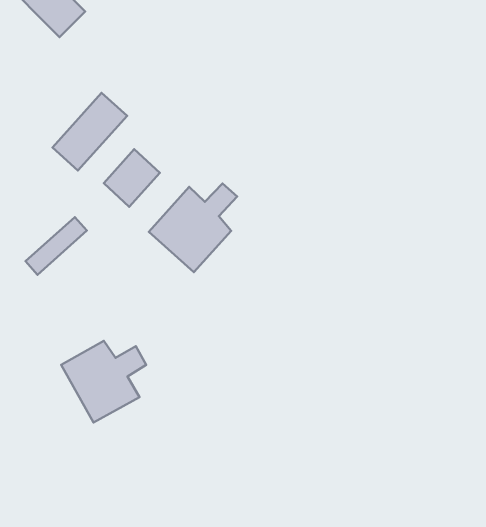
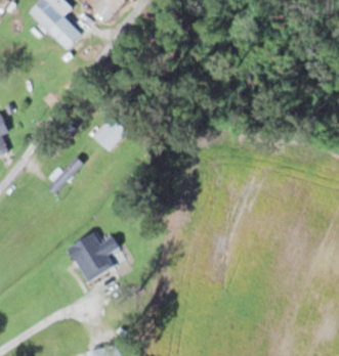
building: [52,93,127,171] -> none
building: [149,184,237,272] -> none

